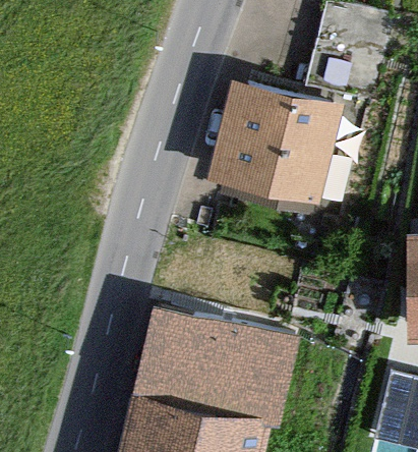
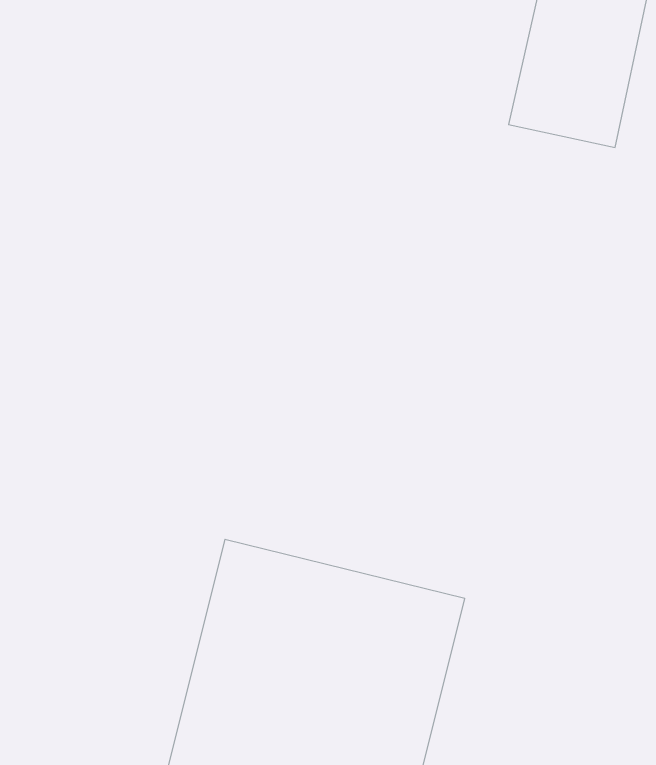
building: [216,88,336,202] -> none

